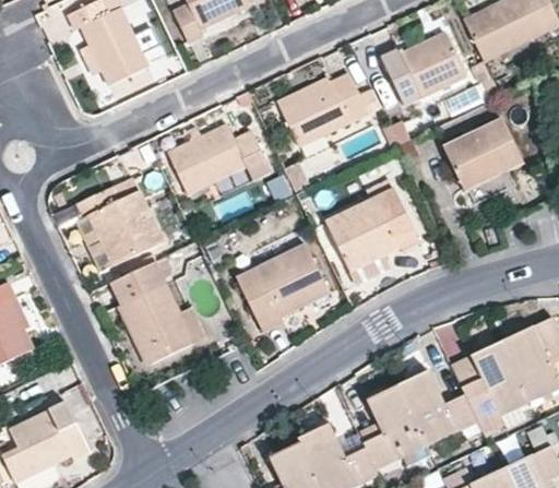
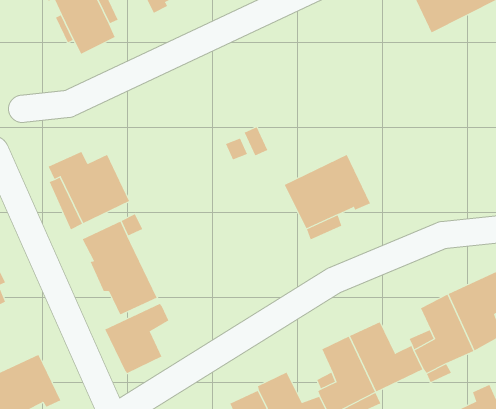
building: [382,34,465,105] -> none
building: [281,73,368,145] -> none
building: [445,121,522,189] -> none
building: [168,126,271,193] -> none
building: [238,246,330,331] -> none
building: none -> [104,303,169,374]

